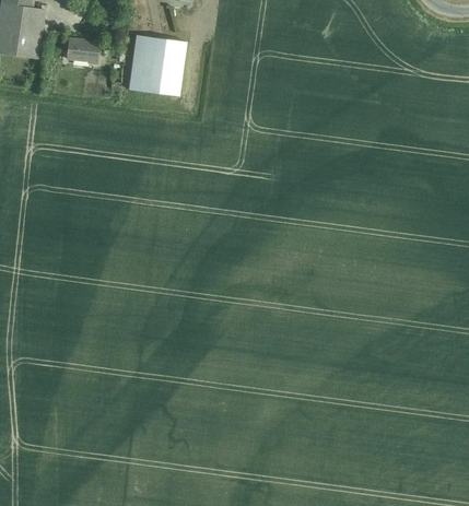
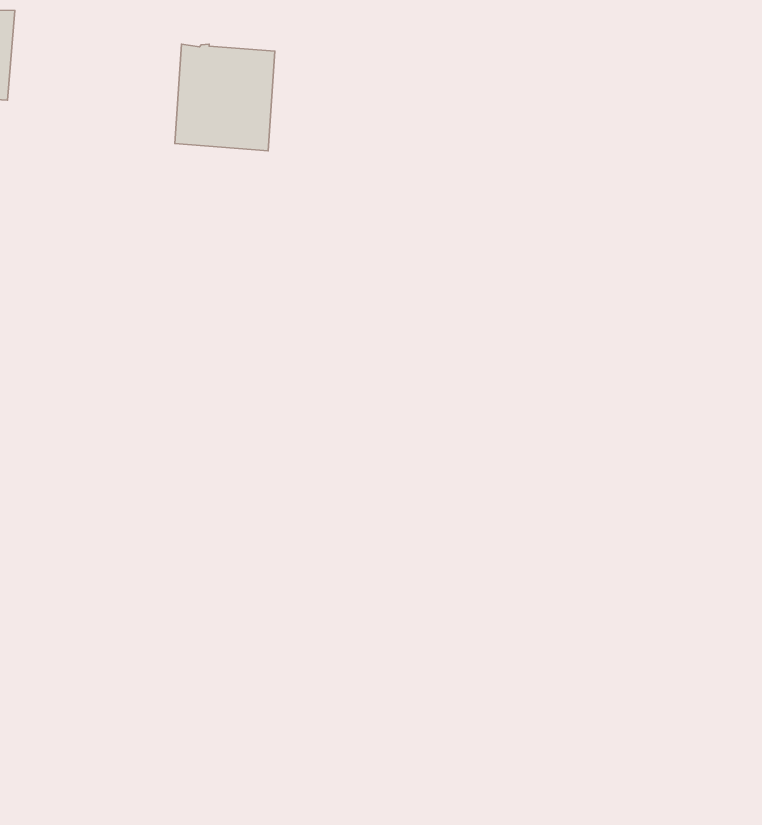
building: [67,37,99,64] -> none

